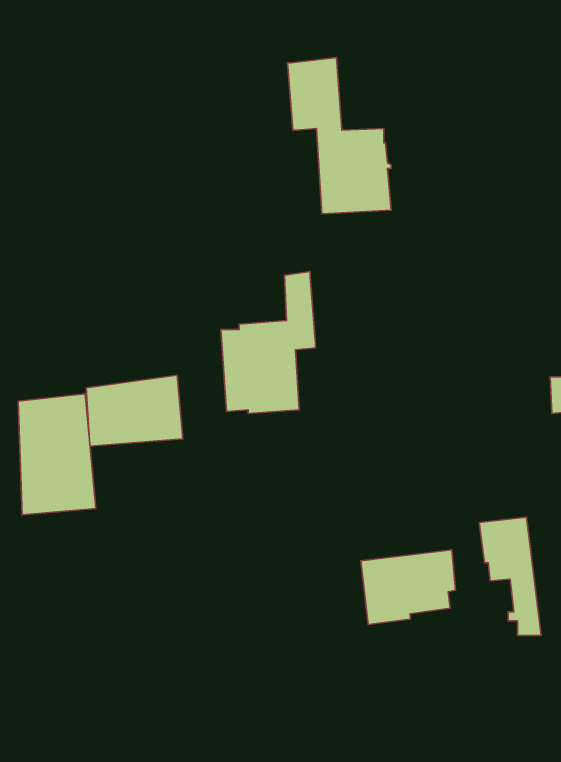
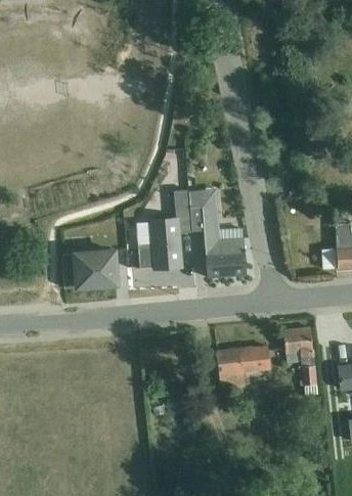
building: [287,57,391,214] -> [188,190,247,278]
building: [18,394,96,515] -> none

